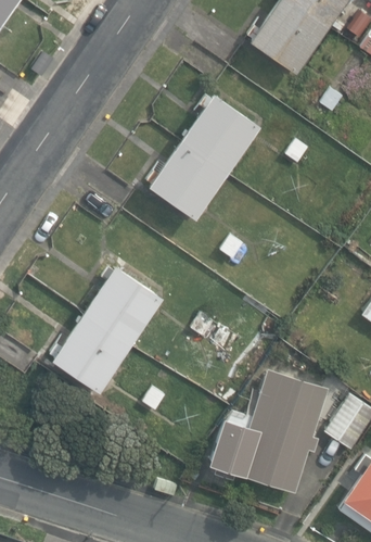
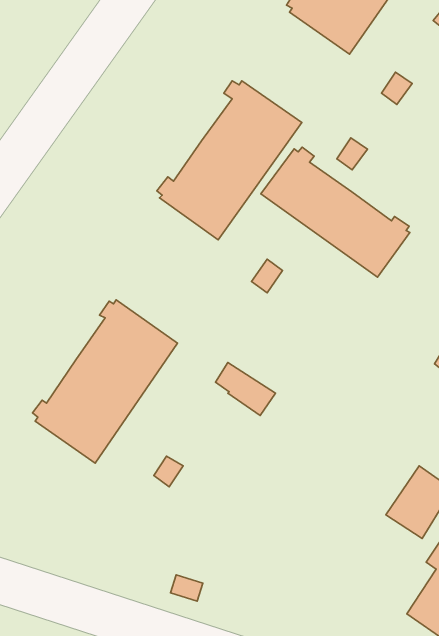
building: none -> [261,147,410,277]
building: [209,368,330,495] -> none

